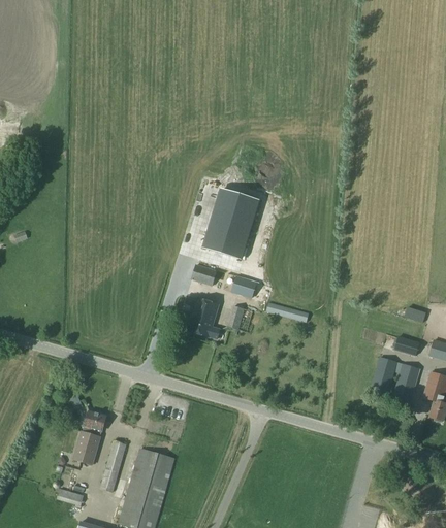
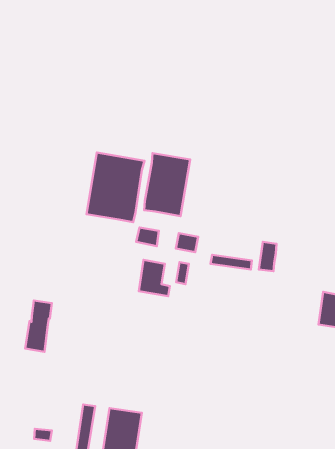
building: none -> [86,152,144,222]
building: none -> [259,242,277,271]
building: [72,409,106,464] -> [25,301,52,352]

